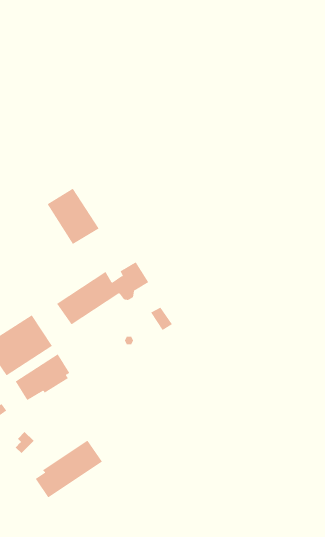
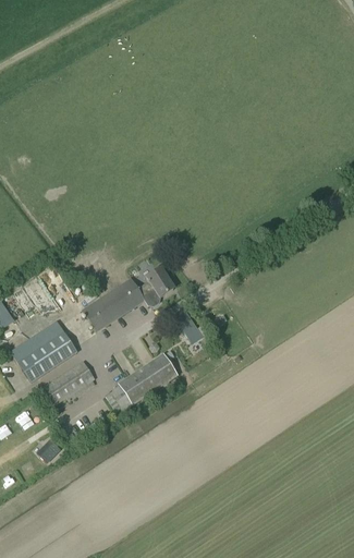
building: [47,188,99,245] -> none
building: [35,440,103,498] -> [110,353,179,412]

